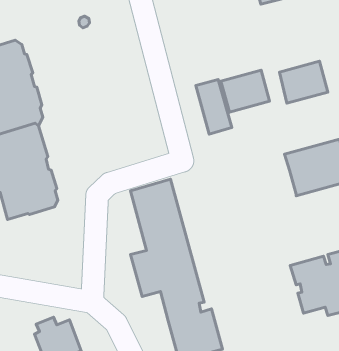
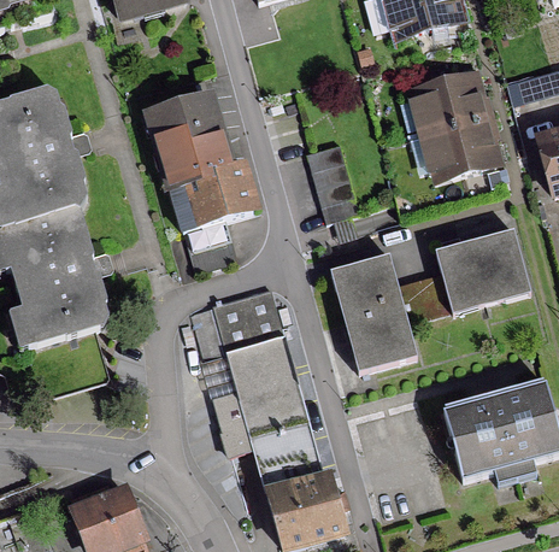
building: none -> [148,93,252,271]
building: [221,70,269,112] -> [414,72,484,133]
building: none -> [331,254,451,371]

